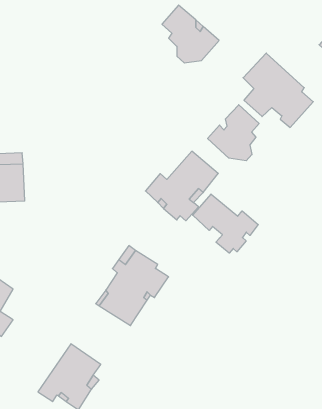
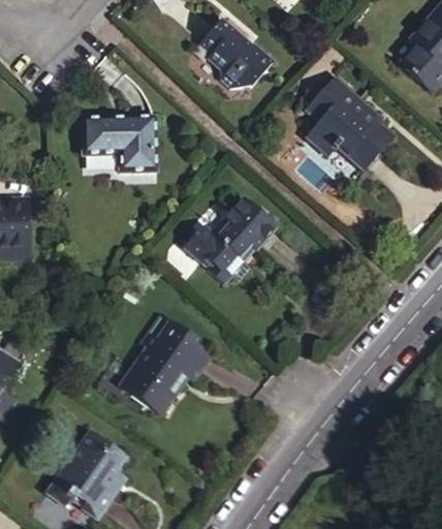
building: none -> [83,116,158,172]
building: [208,105,259,161] -> none
building: [193,194,258,253] -> none

